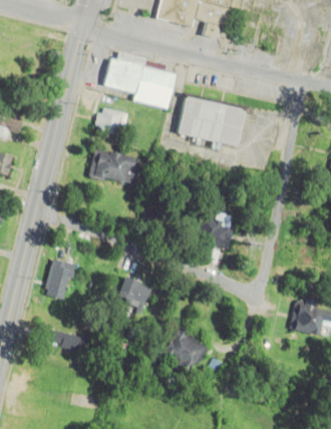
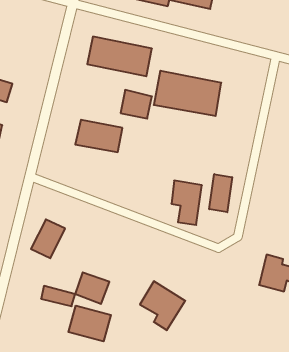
building: [97,105,131,136] -> [121,90,152,119]
building: none -> [209,174,232,212]
building: [117,277,154,311] -> [75,272,109,304]
building: none -> [68,306,111,341]

